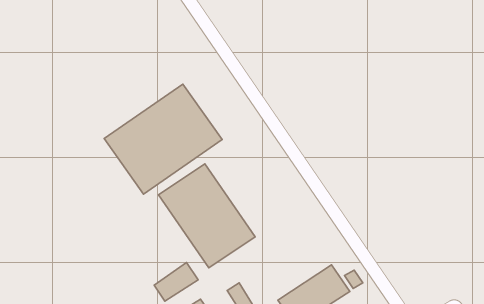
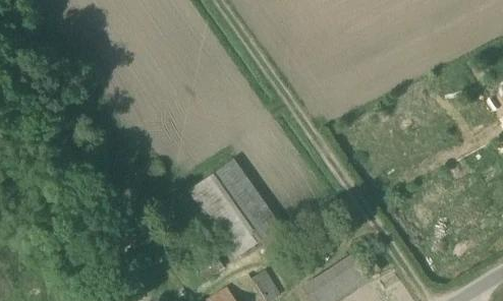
building: [104,84,222,194] -> none

